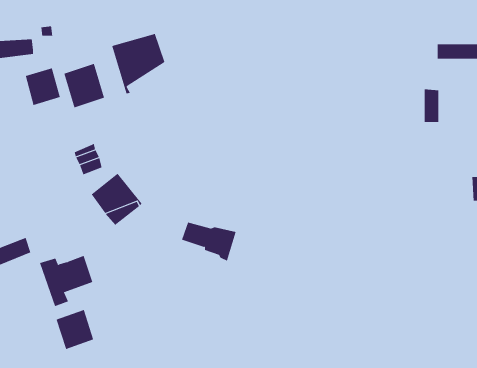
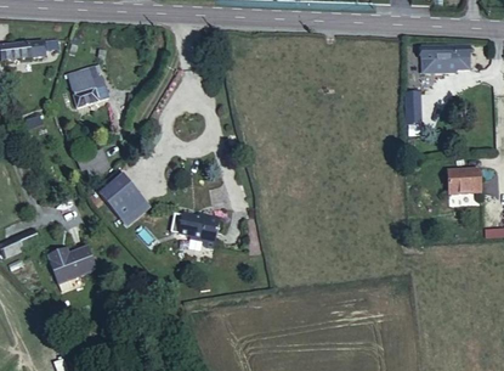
building: [112,33,165,94] -> none
building: [25,67,60,106] -> none
building: [56,309,94,350] -> none

